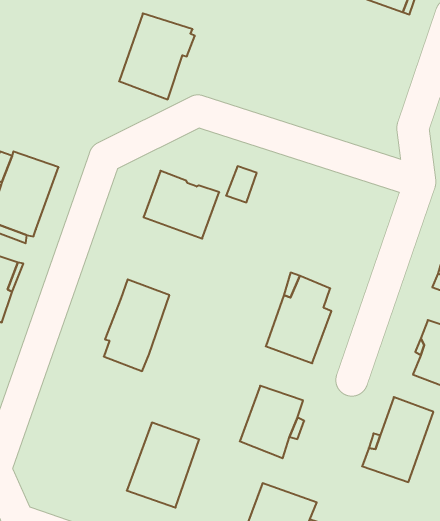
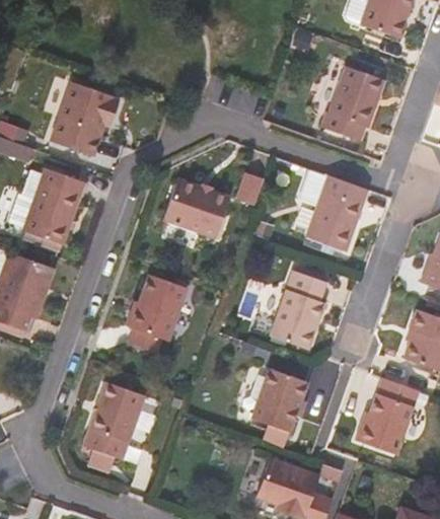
building: [119,13,195,99] -> [51,74,119,151]
building: none -> [322,64,385,142]
building: none -> [298,170,367,249]
building: [127,423,199,508] -> [81,384,146,460]

